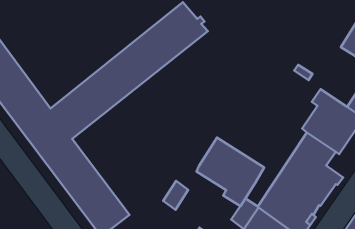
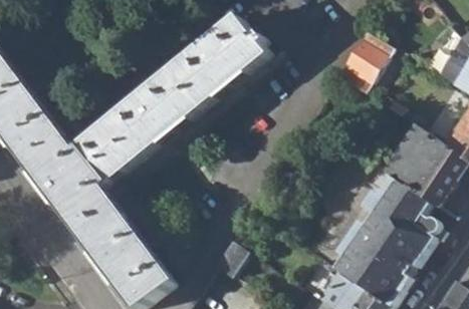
building: none -> [335,30,392,91]
building: [196,137,264,206] -> none

